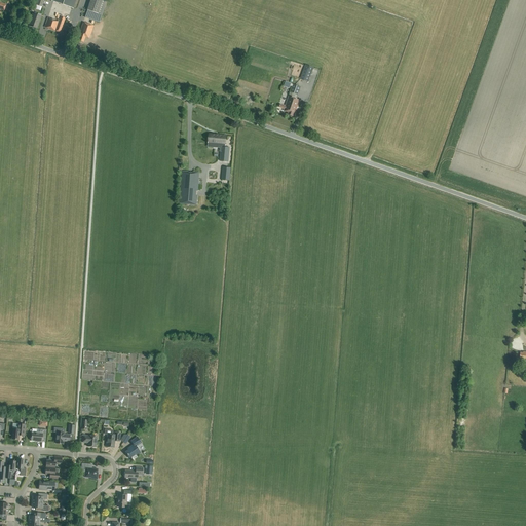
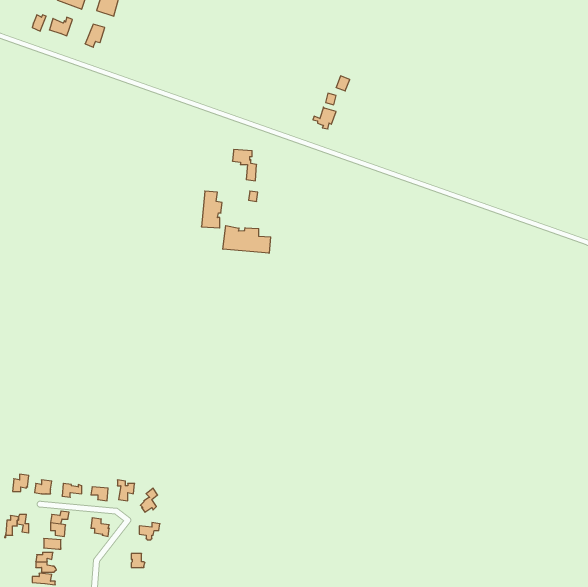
building: none -> [223,226,271,253]

